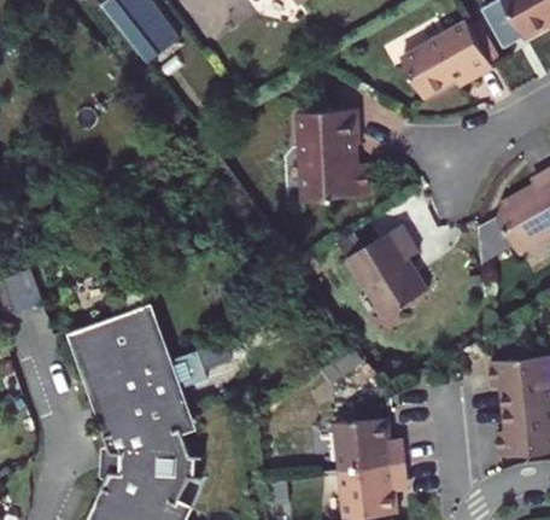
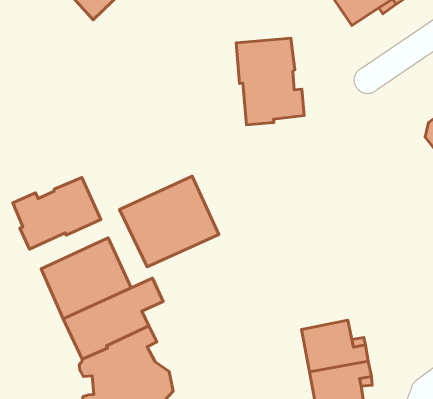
building: [349,220,435,320] -> none
building: none -> [13,178,101,249]
building: none -> [120,176,219,267]

